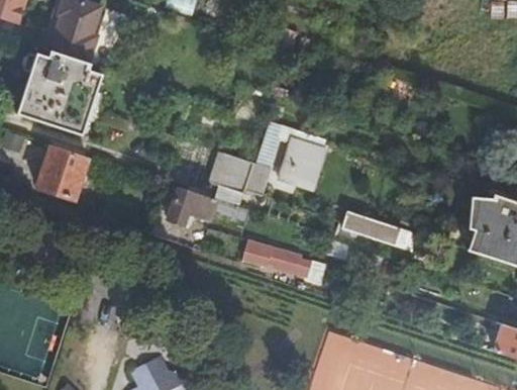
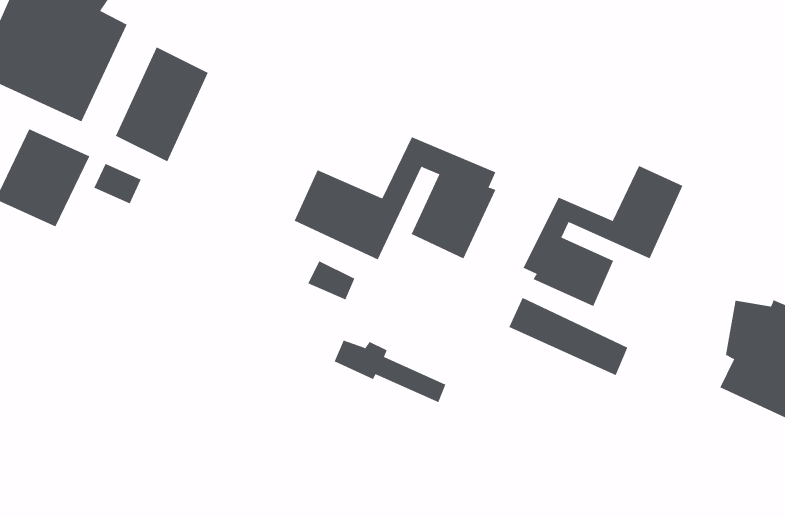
building: none -> [115,46,209,162]
building: none -> [523,165,683,307]
building: [164,183,215,223] -> none

